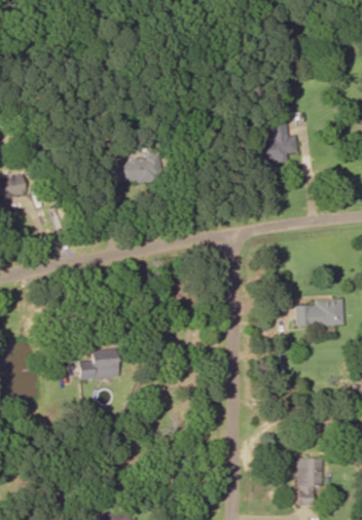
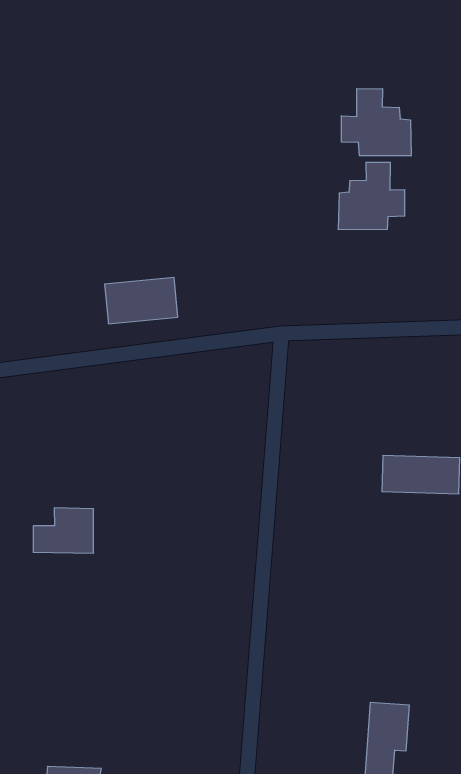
building: none -> [341,89,411,156]
building: [115,153,162,185] -> [105,277,178,324]

